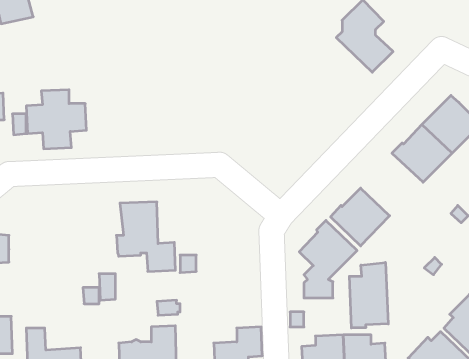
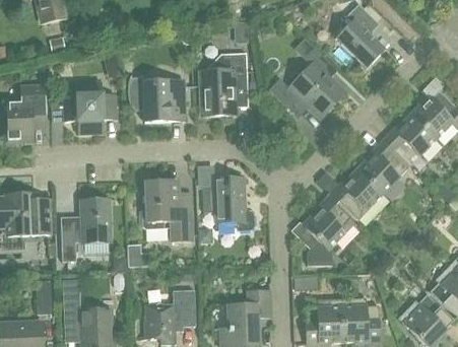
building: none -> [201,53,246,115]
building: none -> [269,61,345,118]
building: none -> [127,74,185,122]
building: none -> [356,141,407,193]
building: none -> [202,178,252,229]
building: none -> [60,199,110,261]
building: [349,262,388,328] -> none

